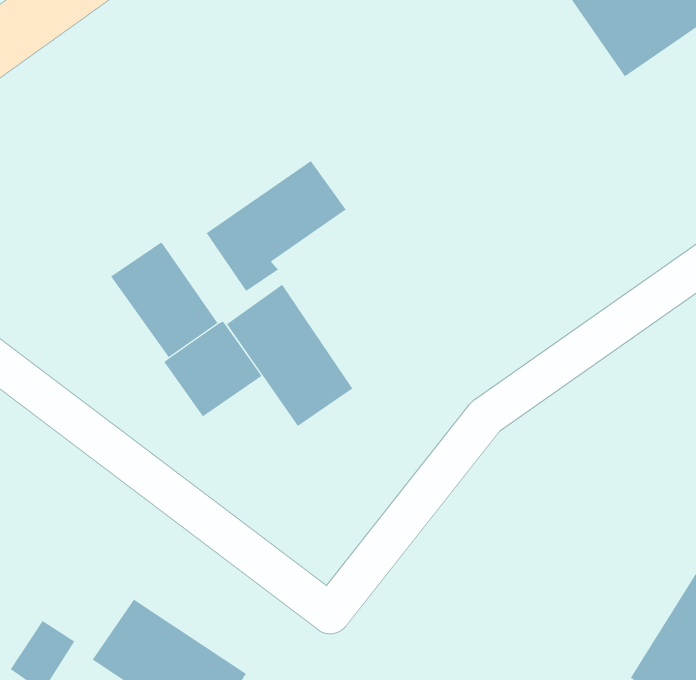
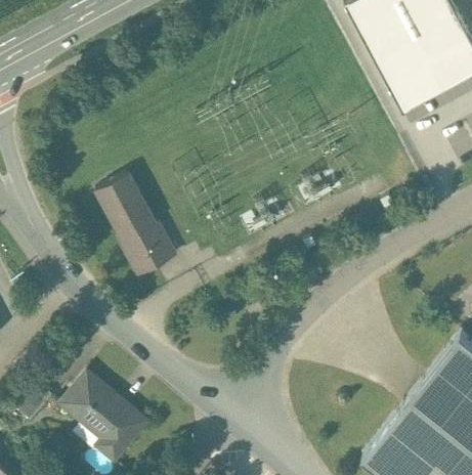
building: [206,160,346,292] -> none
building: [226,284,353,427] -> none

